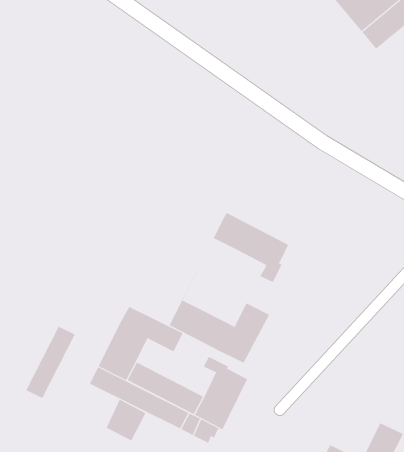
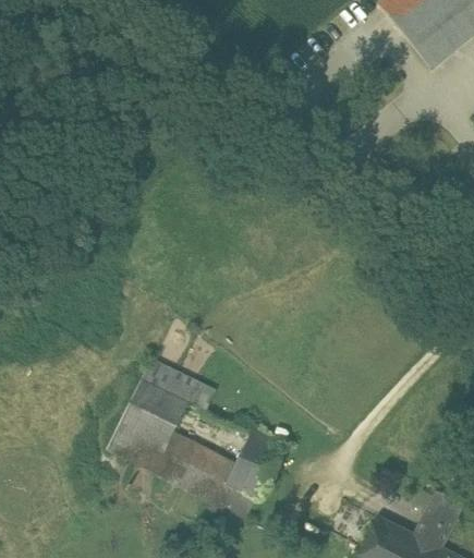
building: [169,212,289,363] -> none
building: [26,326,75,399] -> none
building: [106,399,146,441] -> none

